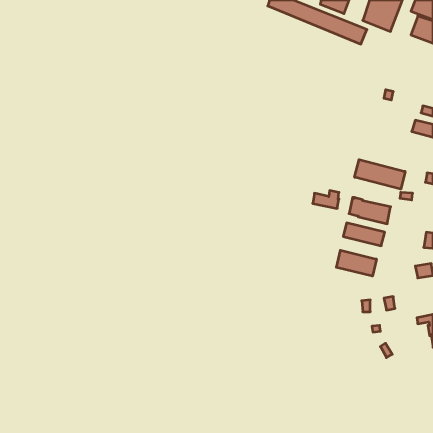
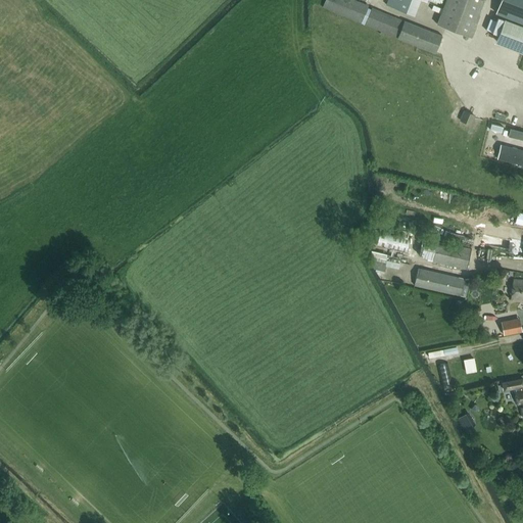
building: [355,160,405,189] -> none
building: [336,250,376,276] -> none

